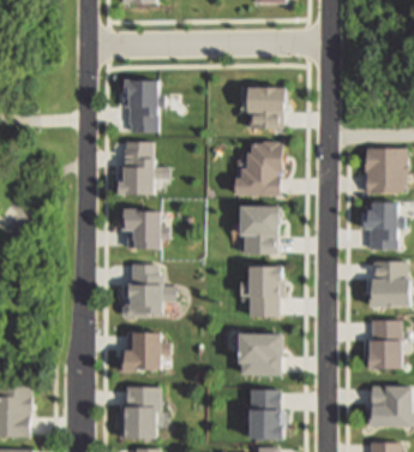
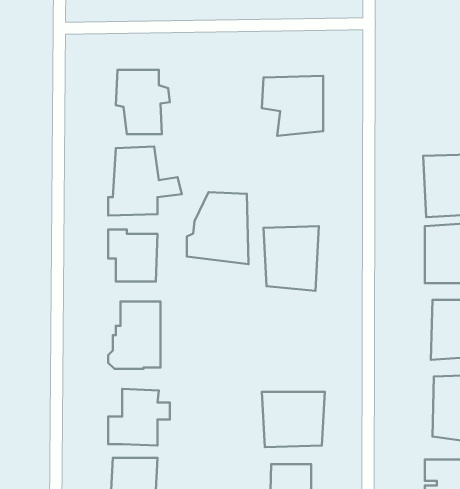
building: [236,142,284,198] -> [187,192,248,264]
building: [251,267,284,317] -> none

